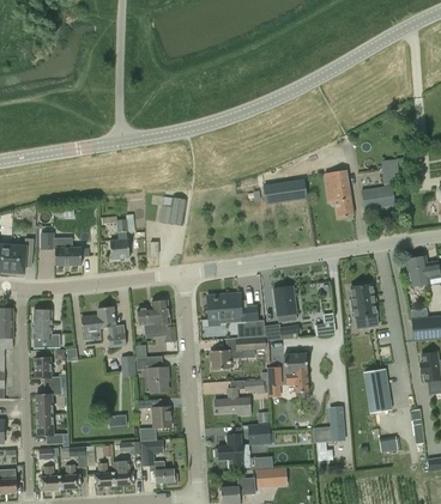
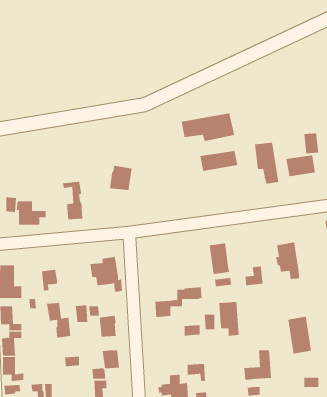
building: none -> [181,113,235,142]
building: [207,294,265,338] -> none
building: [97,306,126,347] -> [46,302,71,338]
building: [215,388,250,415] -> none

